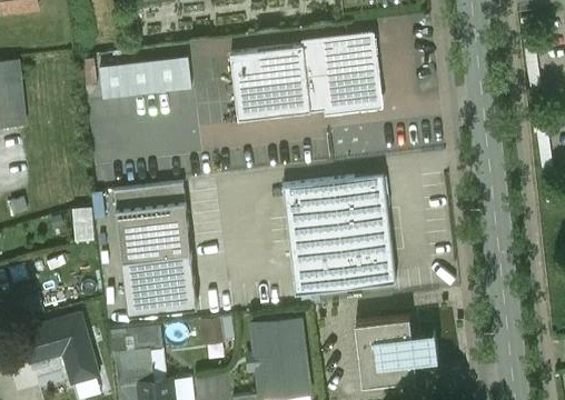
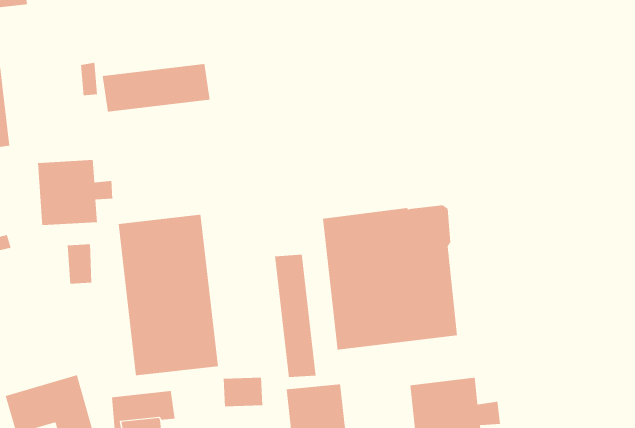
building: [230,38,376,119] -> none
building: none -> [37,159,113,226]
building: none -> [274,254,316,378]

